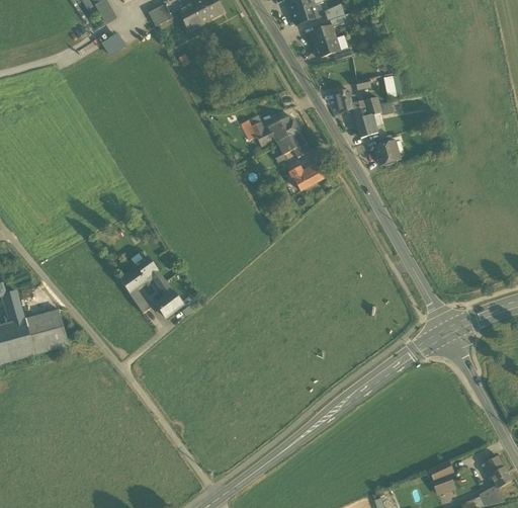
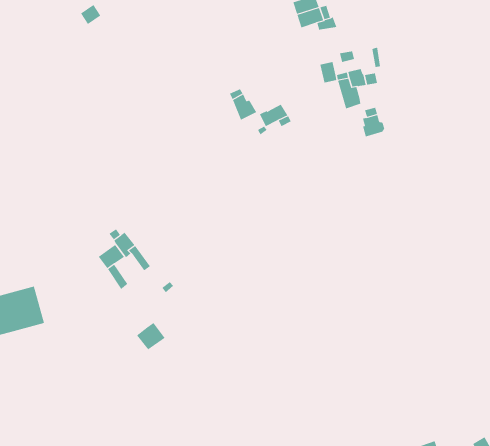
building: [267,115,297,141] -> none
building: [288,163,322,189] -> none
building: [154,288,182,316] -> [136,322,165,350]

